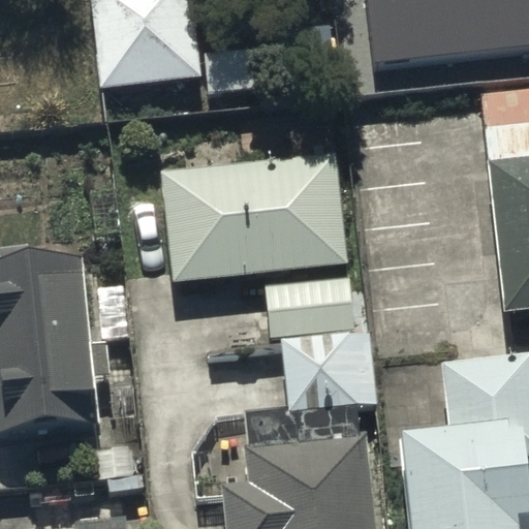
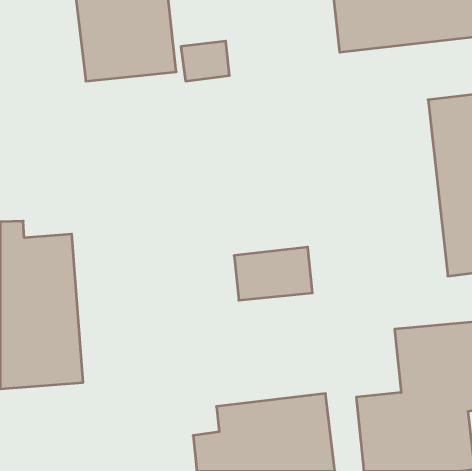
building: [162,155,344,282] -> none
building: [280,331,375,411] -> none

